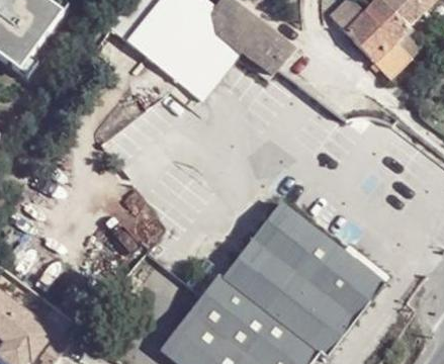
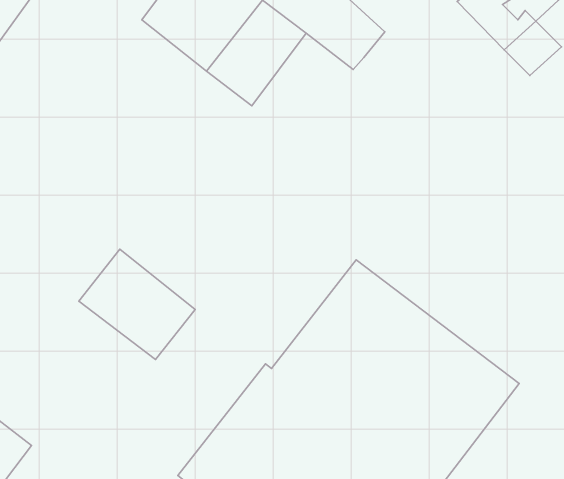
building: none -> [79,249,195,360]

